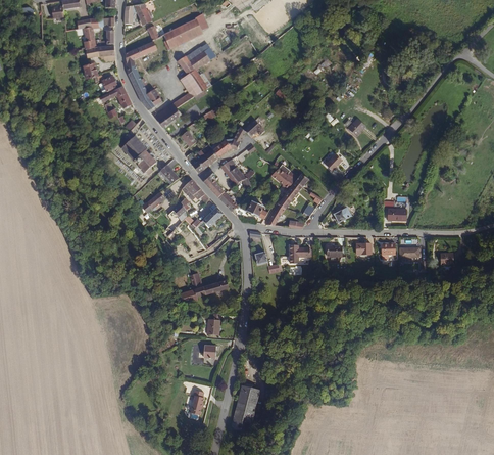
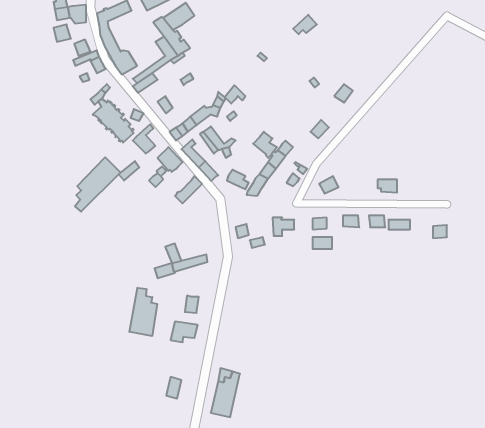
building: none -> [75,157,120,212]
building: none -> [129,288,157,336]

